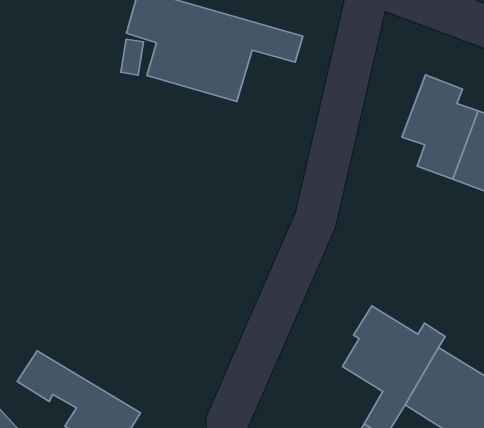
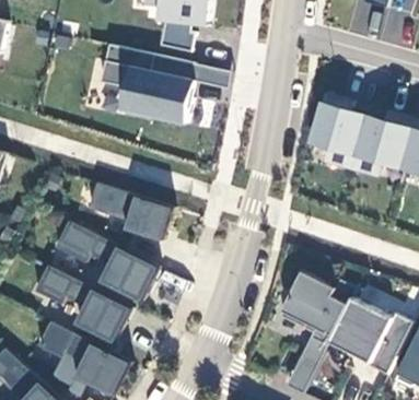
building: none -> [86,183,172,240]
building: none -> [54,220,158,301]
building: none -> [33,264,131,342]

